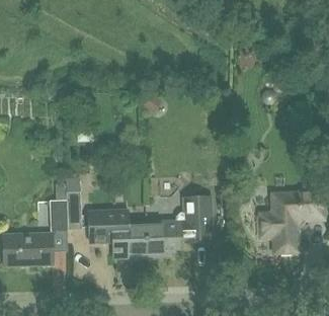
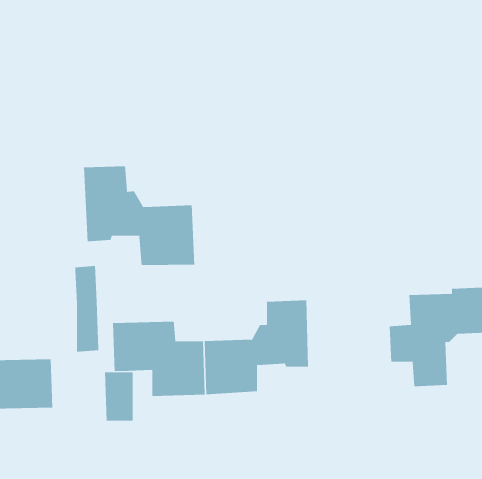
building: none -> [84,165,195,266]
building: [48,199,66,229] -> [104,372,134,421]

